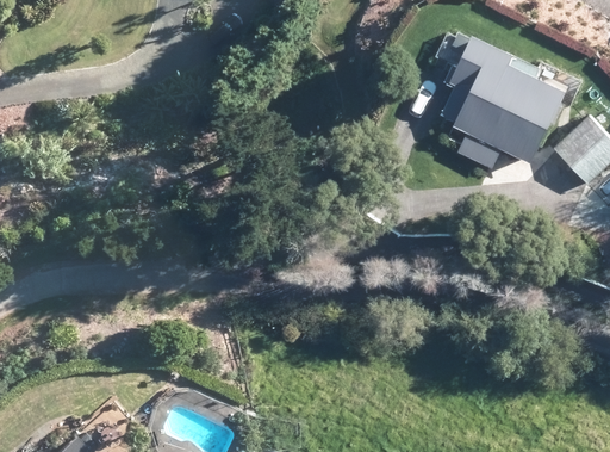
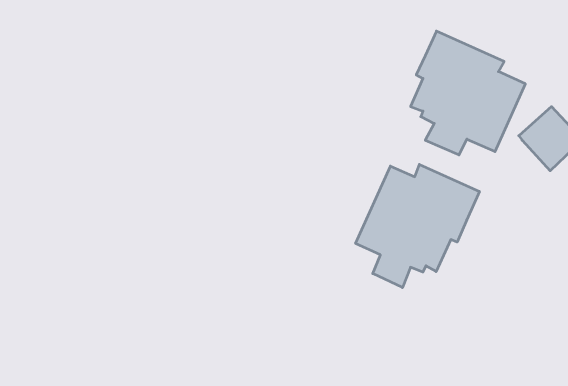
building: none -> [356,164,479,288]

